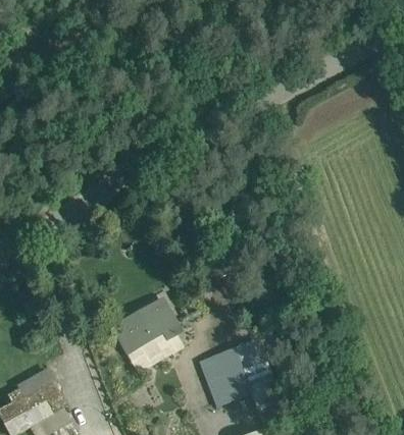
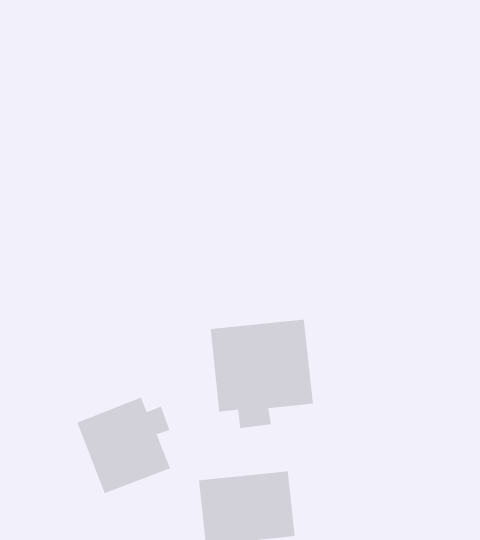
building: none -> [210,319,314,429]

